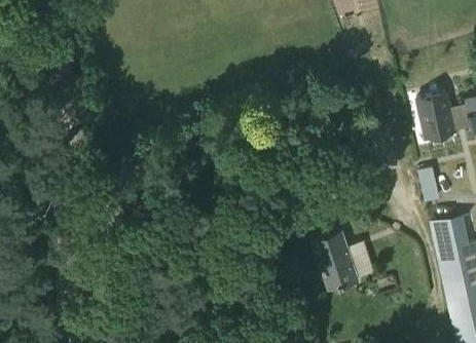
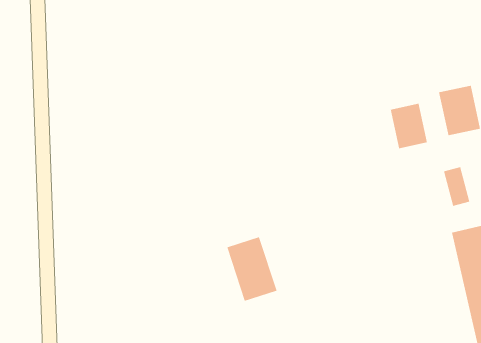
building: none -> [390,103,428,149]
building: [313,234,357,291] -> [227,237,277,302]

